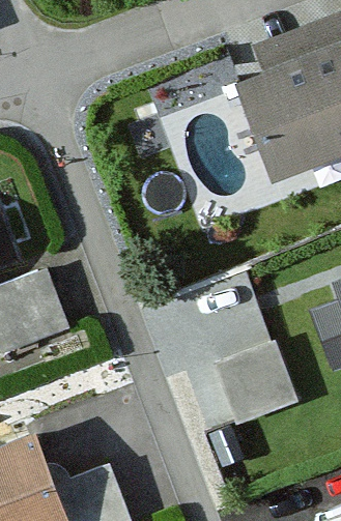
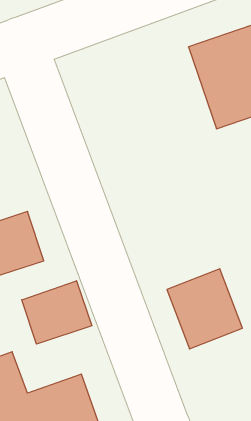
building: none -> [22,281,92,344]

